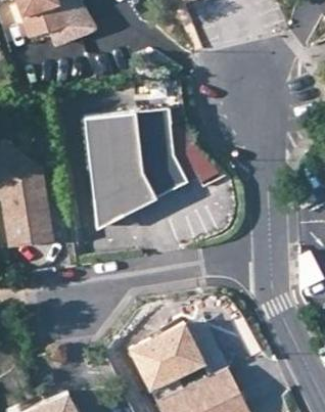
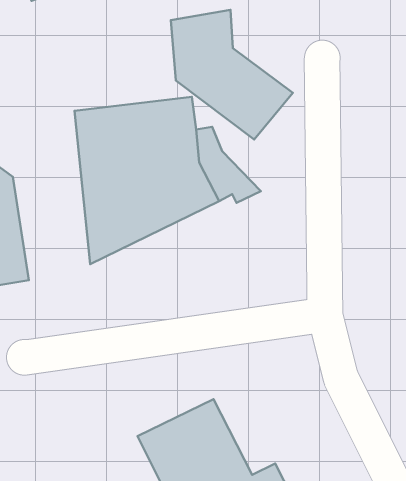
building: none -> [171,10,293,140]

